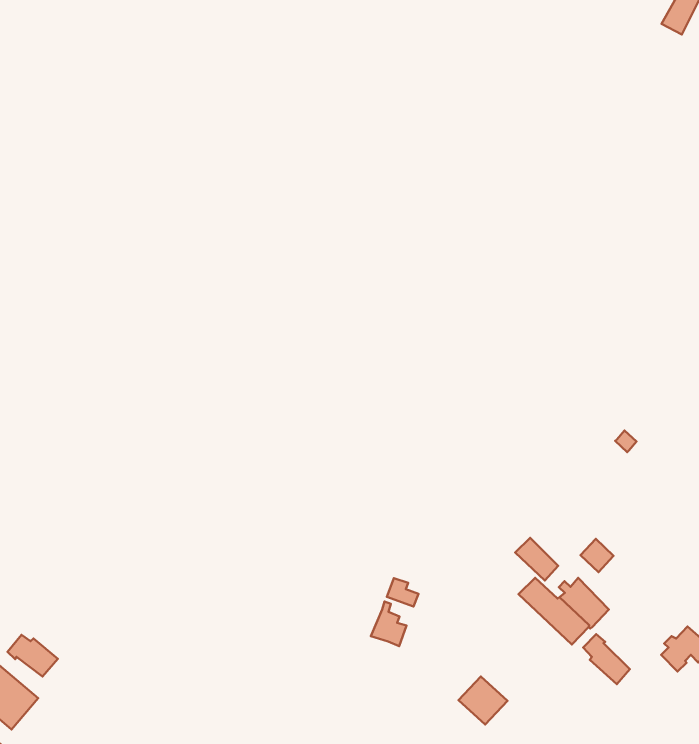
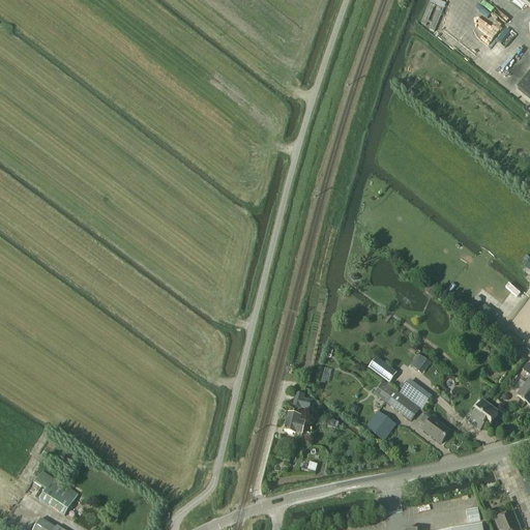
building: [8,635,58,677] -> none
building: [458,676,508,725] -> [365,410,396,440]

